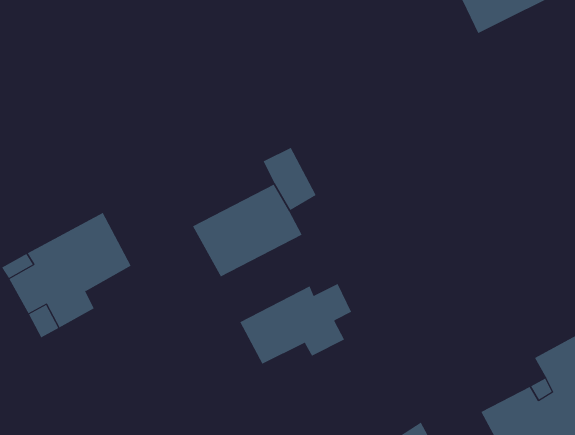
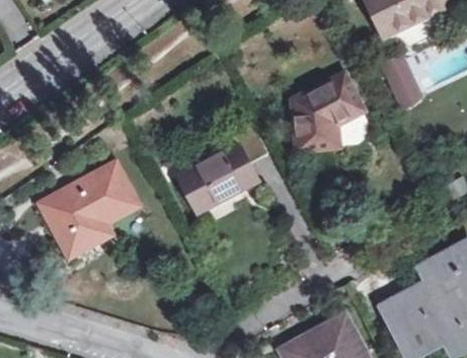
building: none -> [381,53,421,109]
building: none -> [293,76,362,151]
building: [240,283,352,364] -> none

